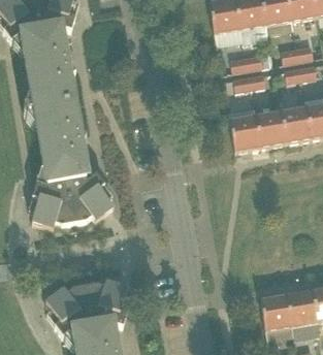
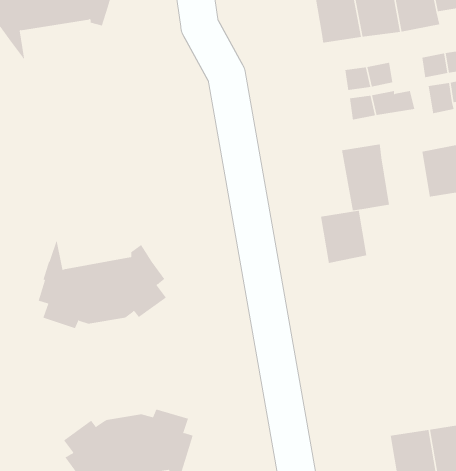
building: [19,25,91,189] -> none
building: [256,111,287,147] -> [320,210,367,263]

